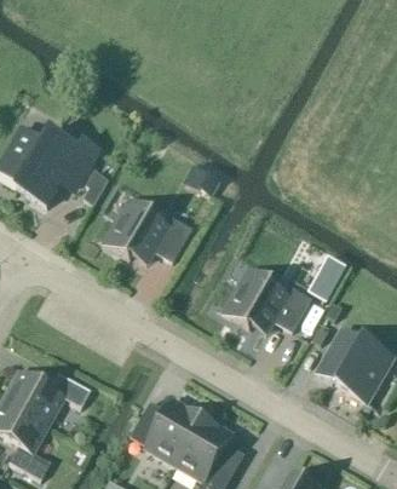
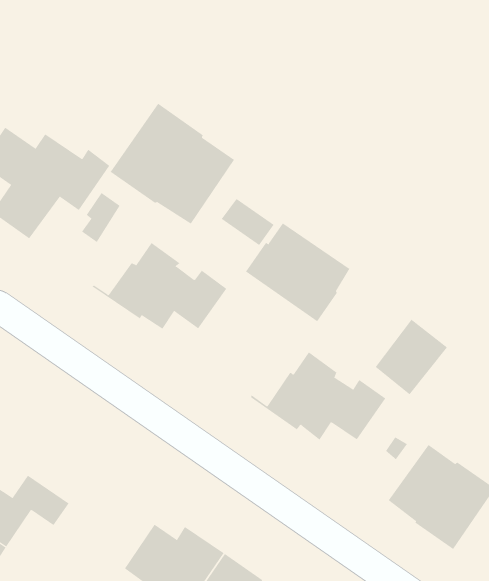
building: none -> [110,103,235,225]
building: none -> [245,222,350,322]

